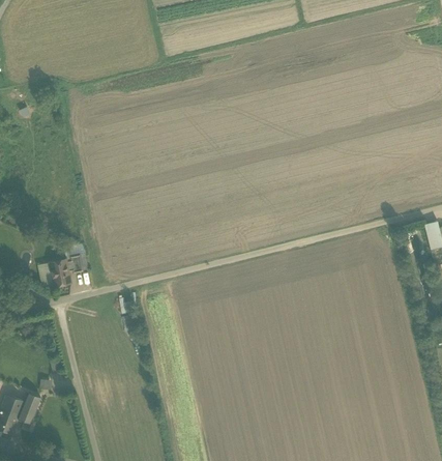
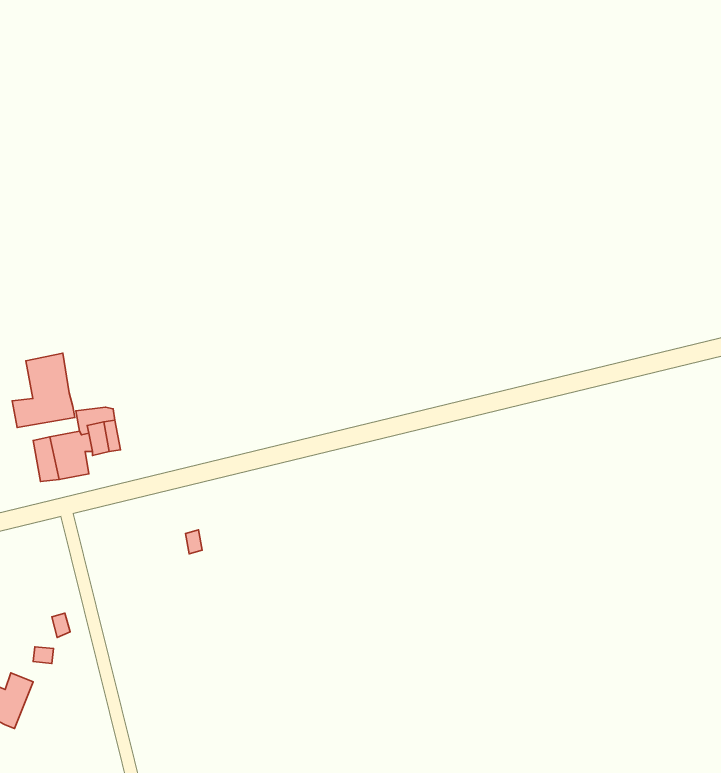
building: none -> [12,353,75,427]

